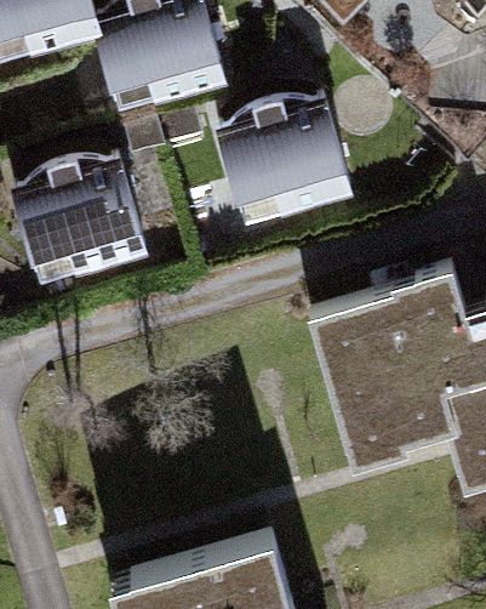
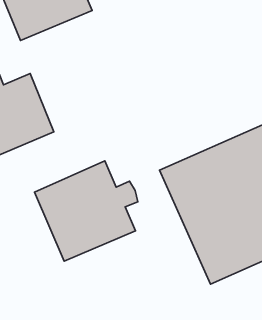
building: [216,85,350,211] -> none
building: none -> [35,161,138,261]

